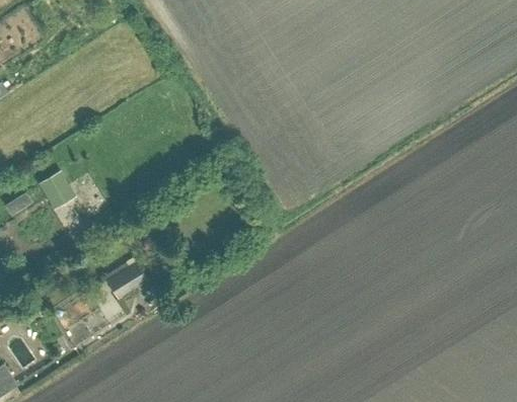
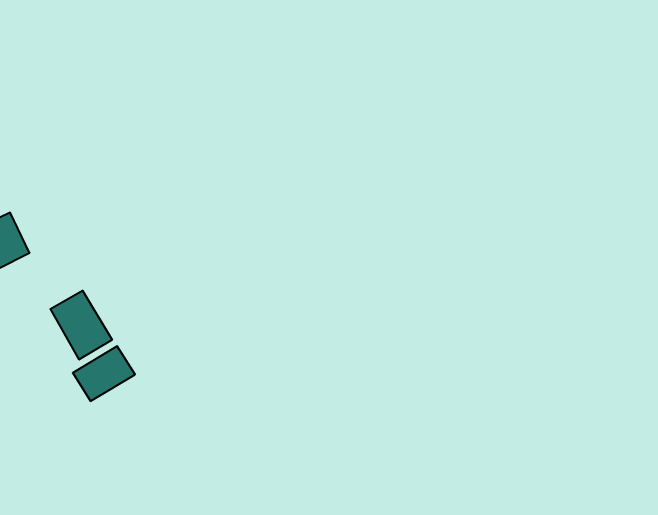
building: none -> [50,291,112,360]

